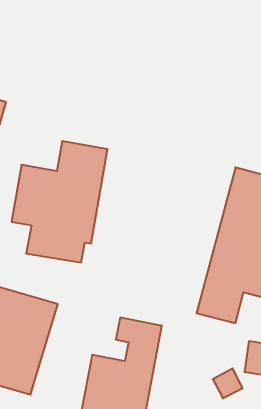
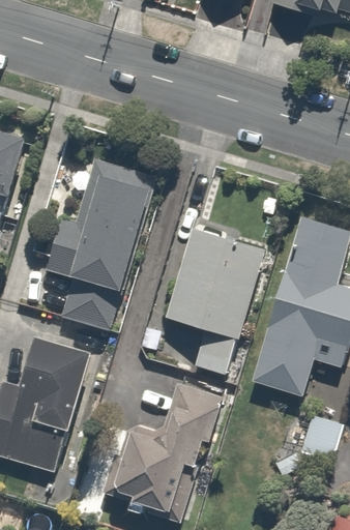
building: none -> [162,229,262,378]

